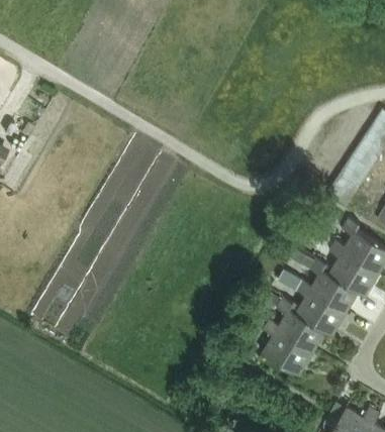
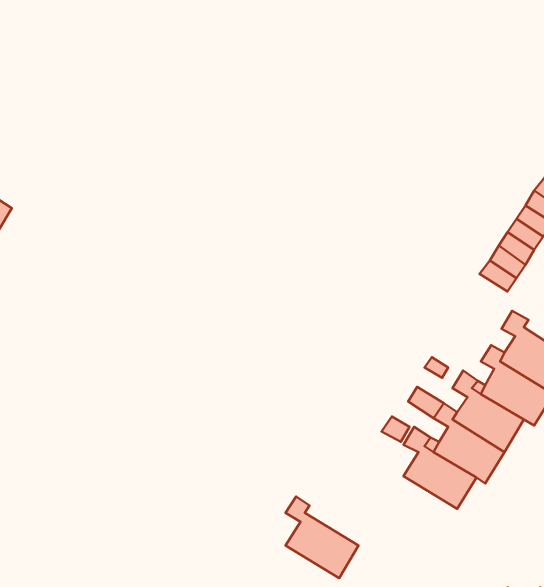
building: [262,320,311,375] -> [286,497,358,578]

